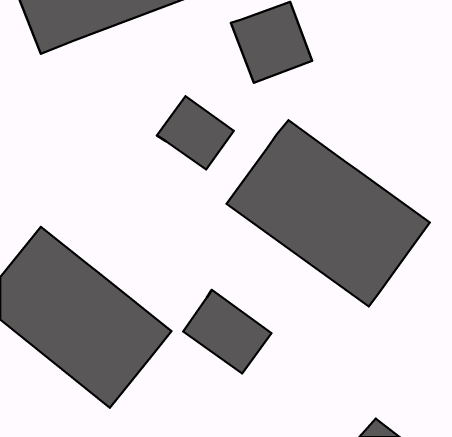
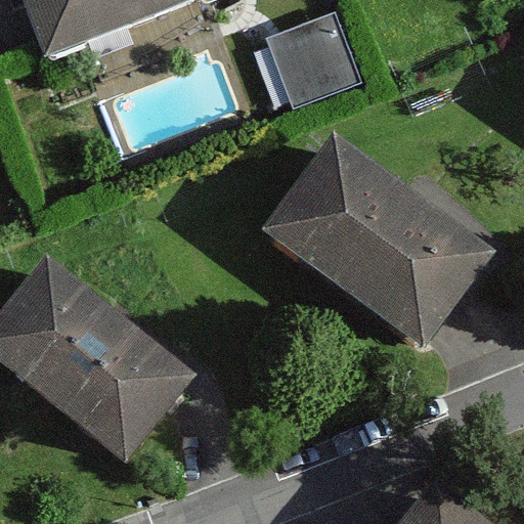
building: [157,96,234,170] -> none
building: [183,290,272,374] -> none

